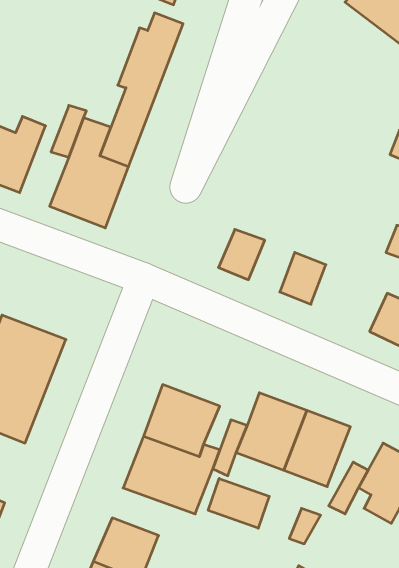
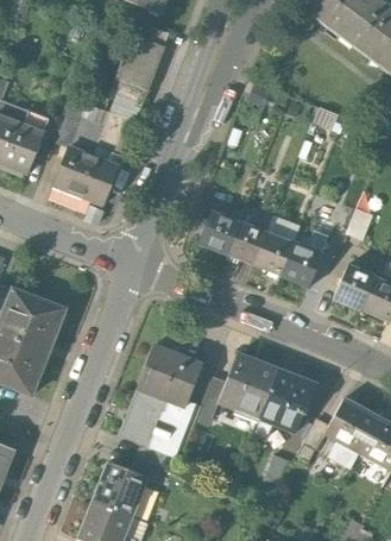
building: none -> [280,213,334,285]
building: none -> [226,219,266,264]
building: [208,478,269,528] -> none

